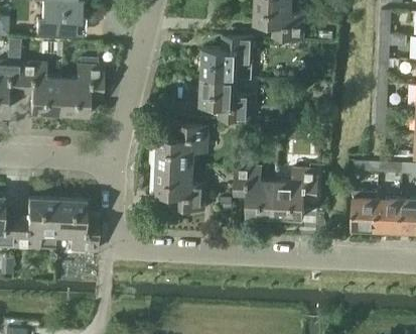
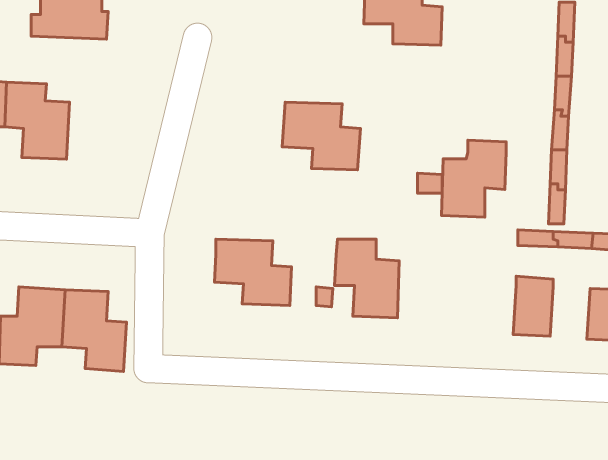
building: [202,34,254,78] -> none
building: [59,59,104,115] -> none
building: [157,124,210,166] -> none
building: [276,168,318,218] -> [442,140,506,217]
building: [376,197,402,231] -> none

